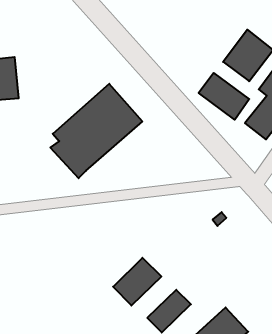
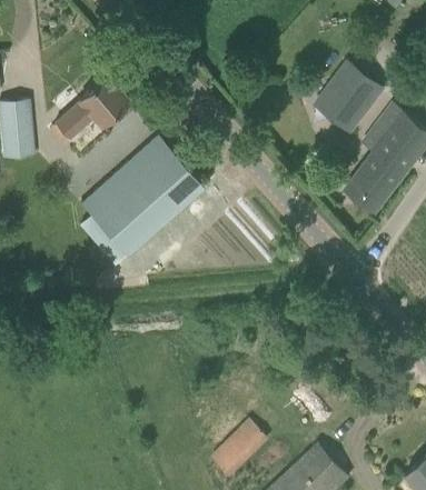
building: none -> [55,78,128,140]
building: [199,73,249,120] -> none
building: [113,258,161,306] -> none

